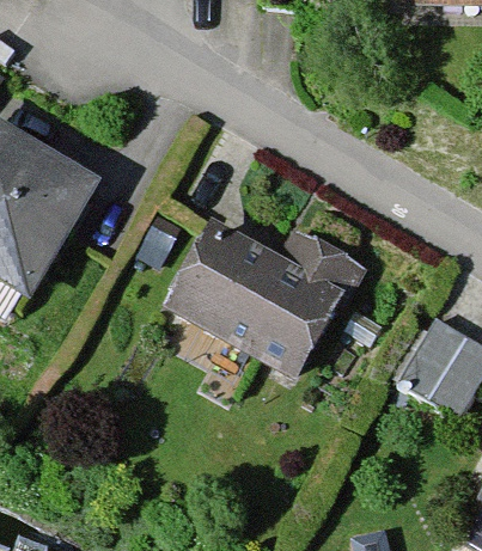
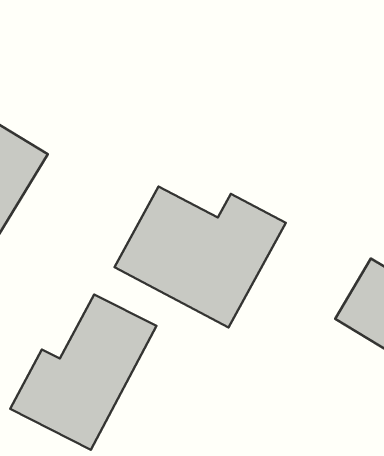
building: none -> [10,294,157,450]

